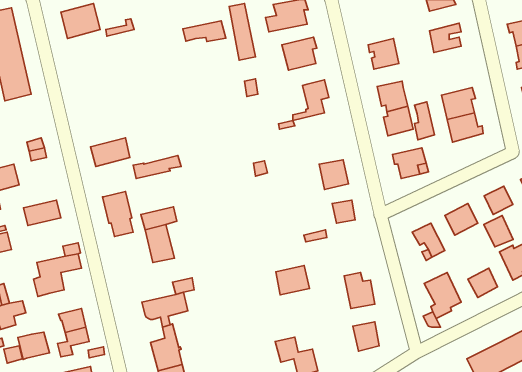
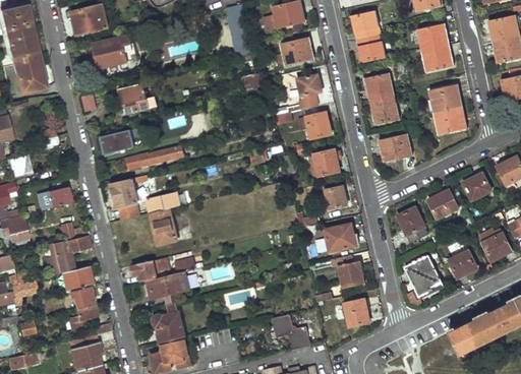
building: none -> [352,13,381,43]
building: [183,21,226,42] -> none
building: none -> [93,36,137,75]
building: none -> [418,44,452,71]
building: none -> [120,85,159,115]
building: [414,102,435,140] -> none
building: none -> [304,113,331,138]
building: [484,215,513,247] -> none
building: [276,265,310,295] -> [324,225,355,252]
building: none -> [131,258,169,282]
building: [18,332,49,359] -> [61,268,91,294]

